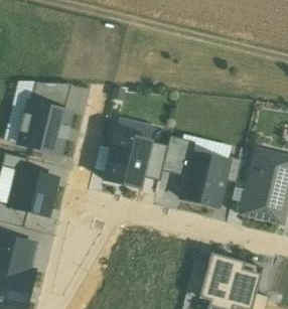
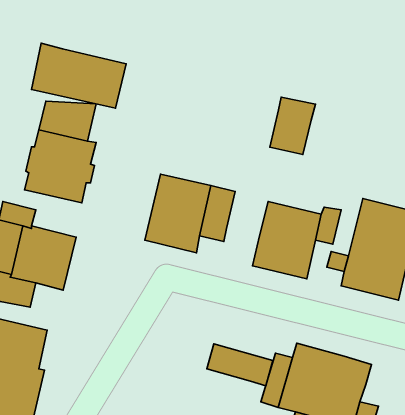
building: none -> [31,43,126,108]
building: [115,116,153,141] -> none
building: [161,136,193,176] -> [270,97,316,154]
building: none -> [207,344,273,386]

